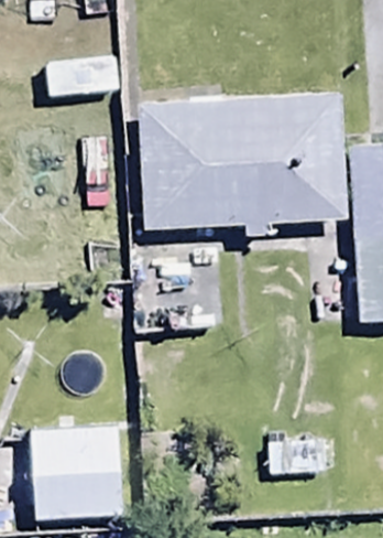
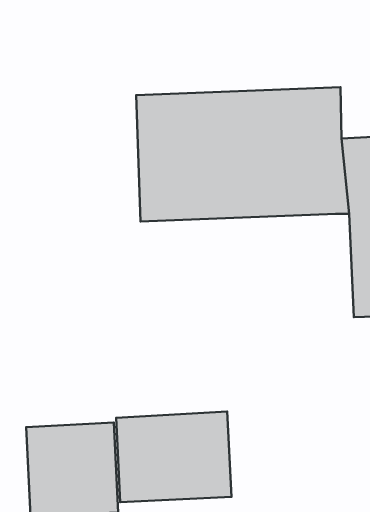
building: none -> [116,411,232,502]

